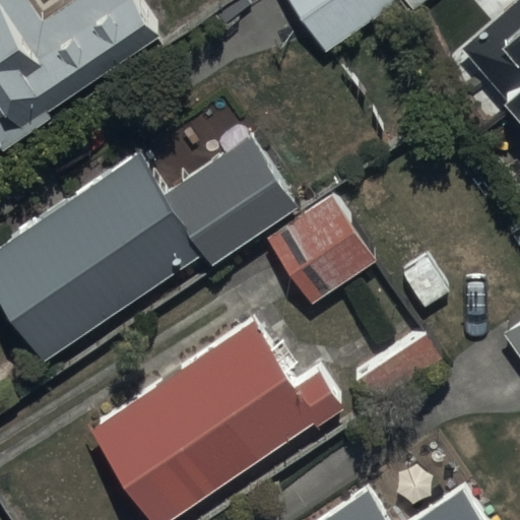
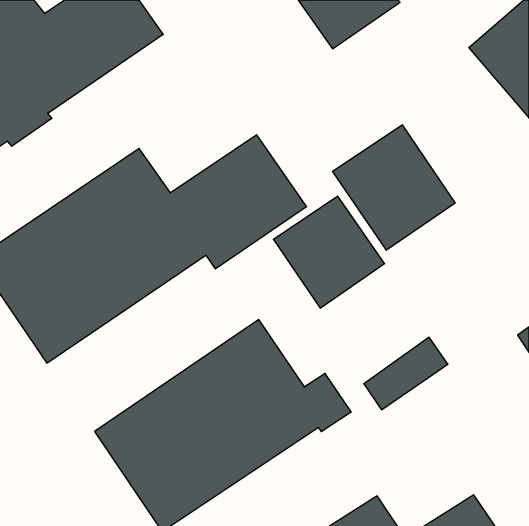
building: none -> [333,125,455,250]

